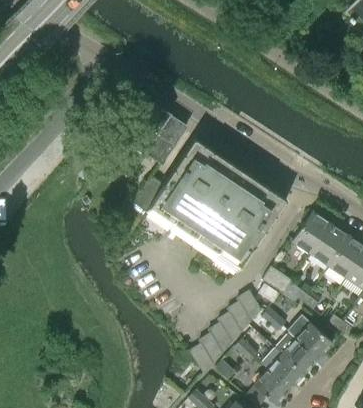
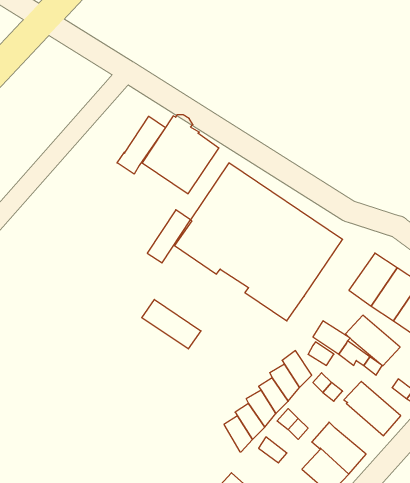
building: none -> [117,116,166,174]
building: none -> [142,299,201,349]
building: [275,333,319,374] -> [346,315,400,366]

